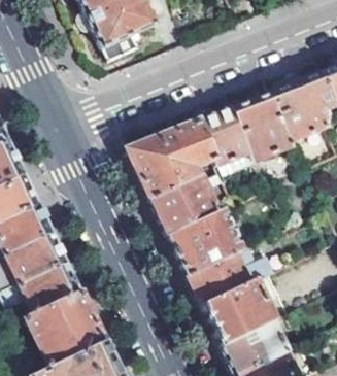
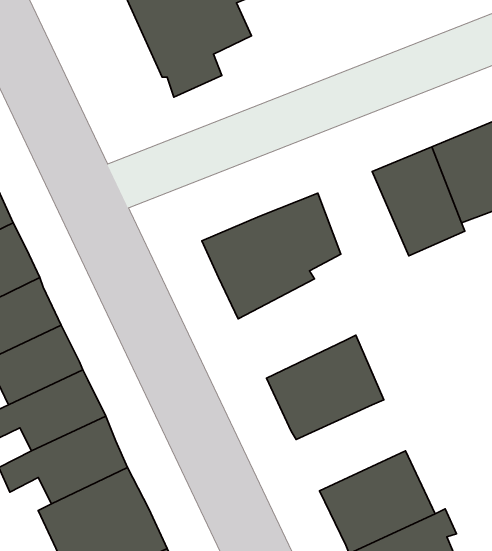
building: [199,109,256,168] -> none
building: [149,176,216,238] -> none
building: [186,254,274,308] -> none

